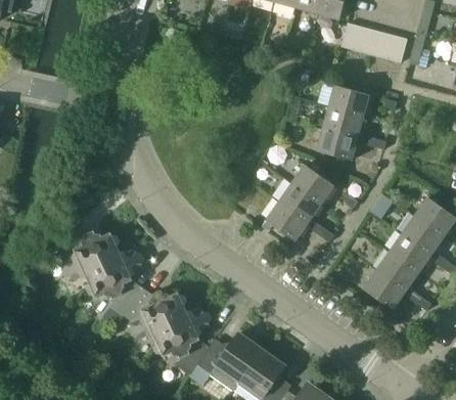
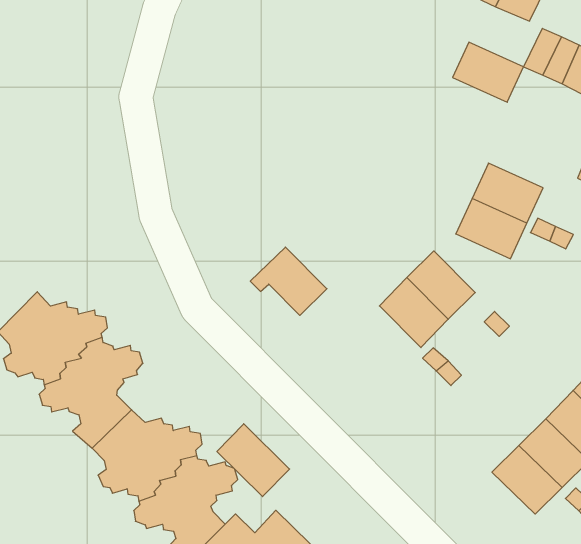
building: [328,84,369,116] -> [453,42,524,102]
building: [261,202,307,240] -> [250,247,327,315]
building: none -> [217,424,290,497]

